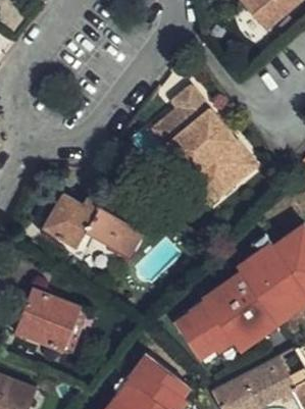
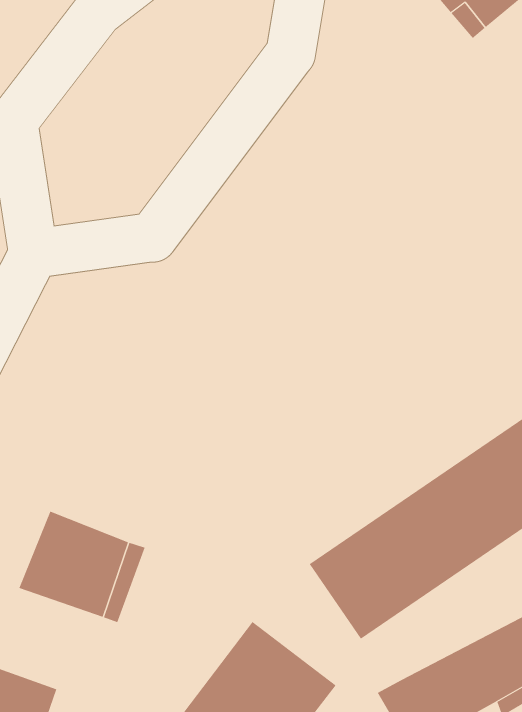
building: [150,90,260,206] -> none
building: [43,196,140,257] -> none

